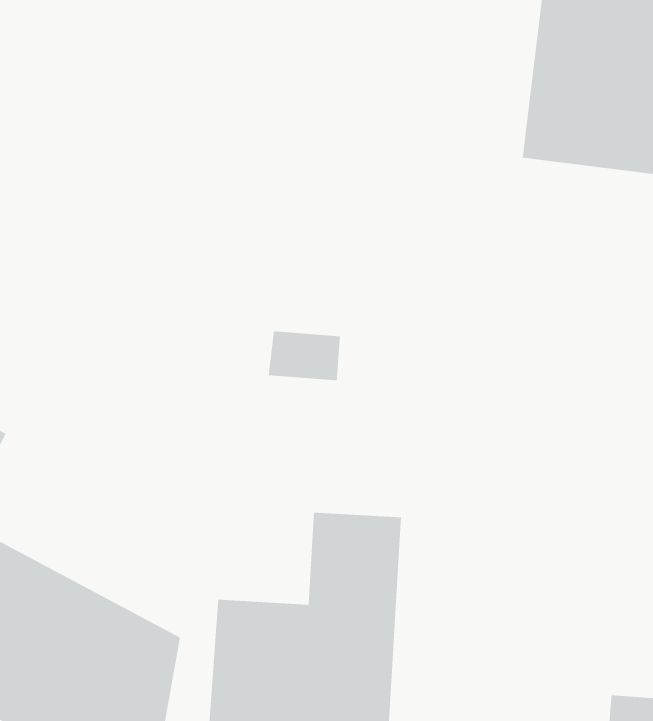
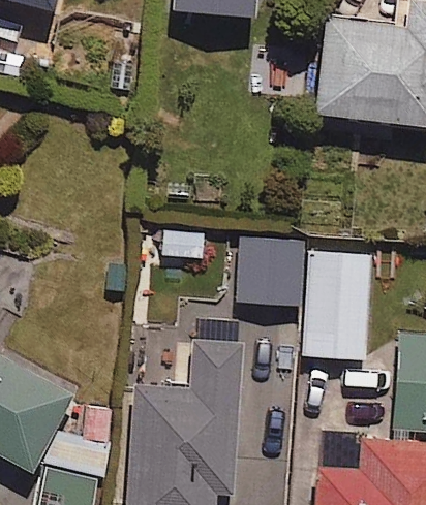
building: none -> [235,234,305,306]
building: none -> [306,248,374,362]

